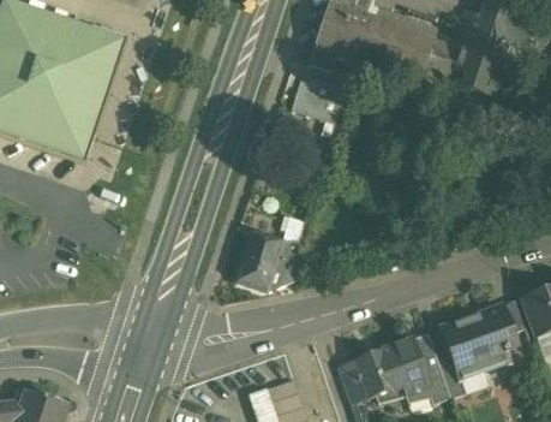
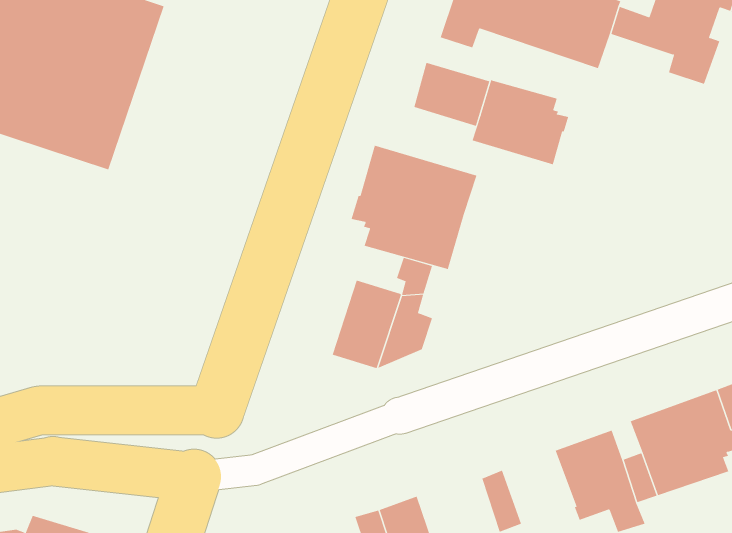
building: none -> [472,80,569,165]
building: none -> [351,145,477,270]
building: [352,346,402,398] -> none

